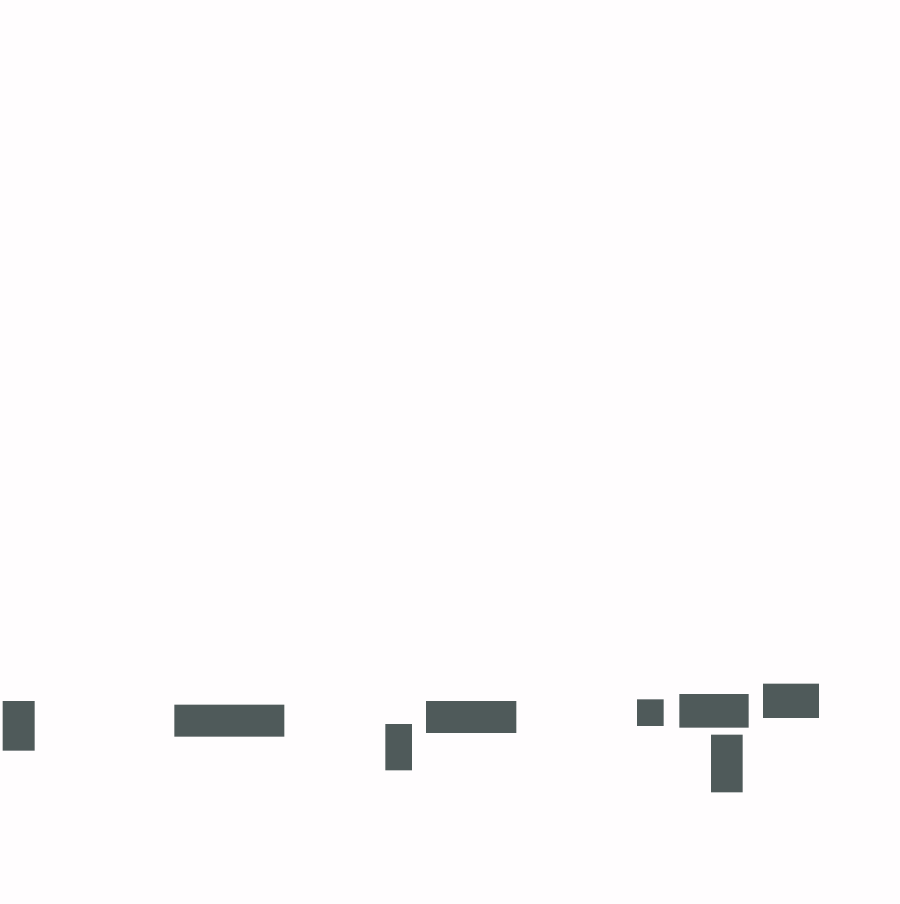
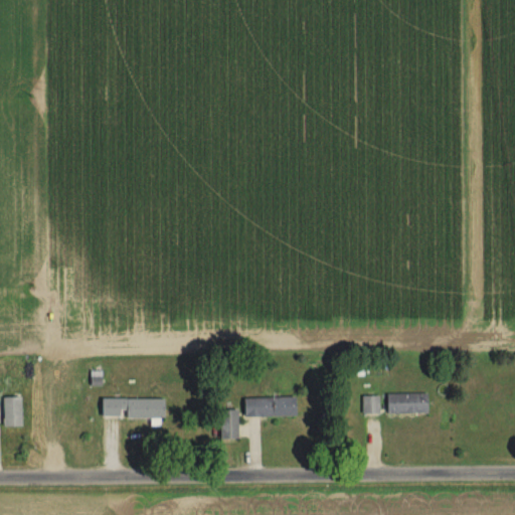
building: [762,683,820,719] -> none
building: [710,734,743,793] -> none

